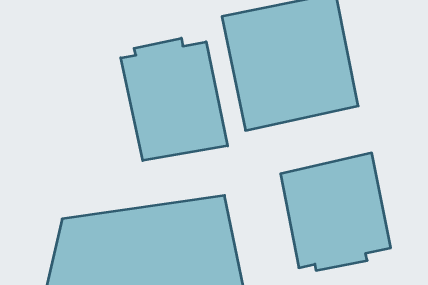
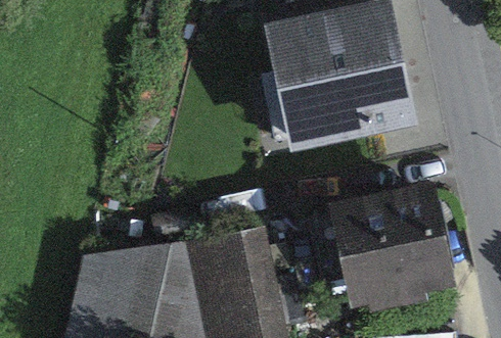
building: [121,38,228,161] -> none

